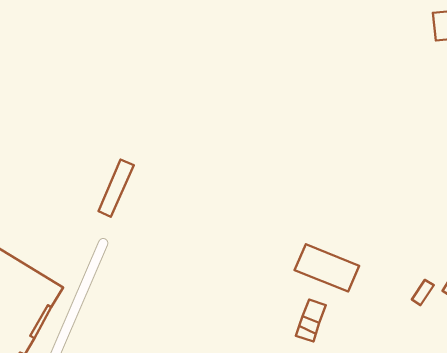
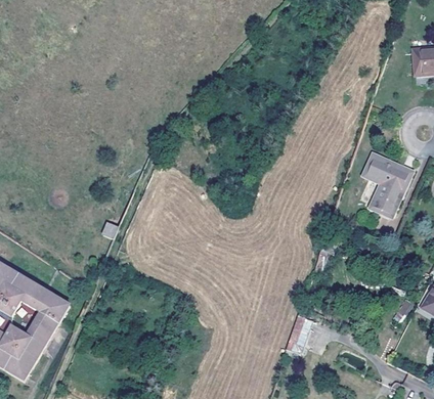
building: none -> [365,157,409,216]
building: [294,244,359,292] -> none

